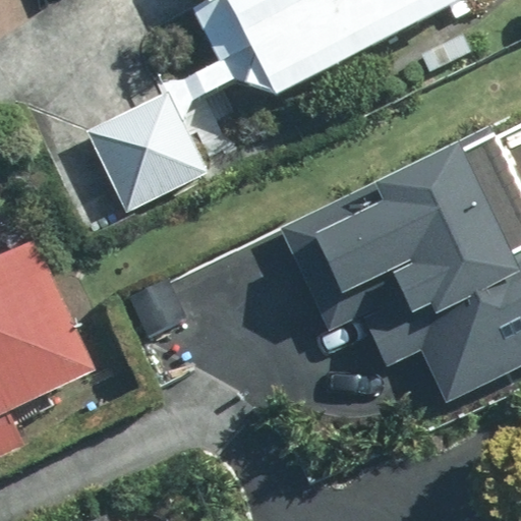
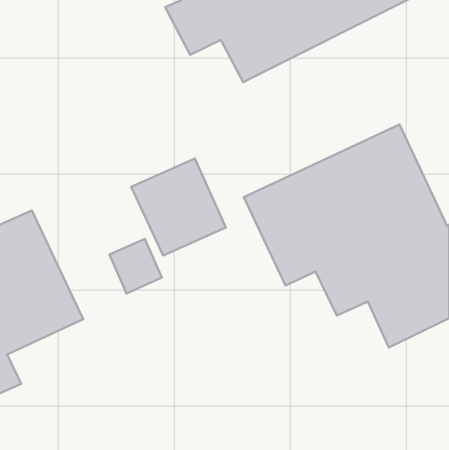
building: [98,91,207,202] -> [131,158,226,256]

